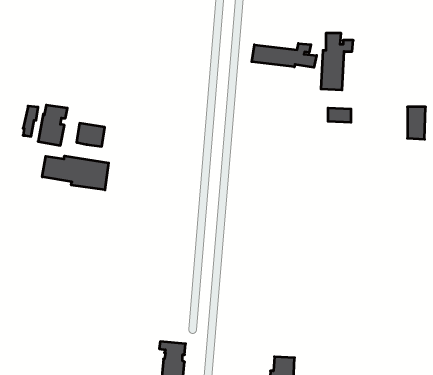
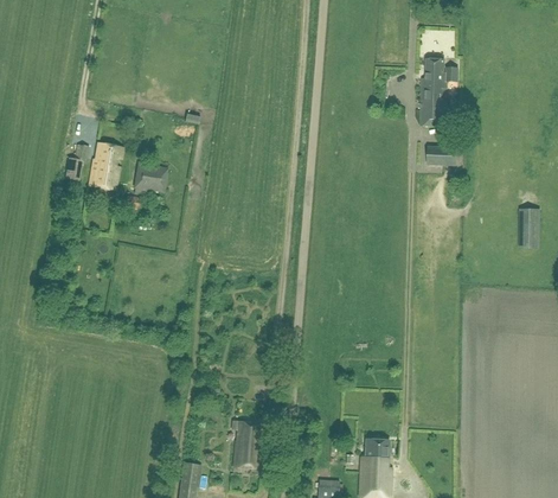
building: [252,43,317,67] -> none
building: [407,107,426,139] -> [519,210,540,248]
building: [42,156,109,190] -> none

